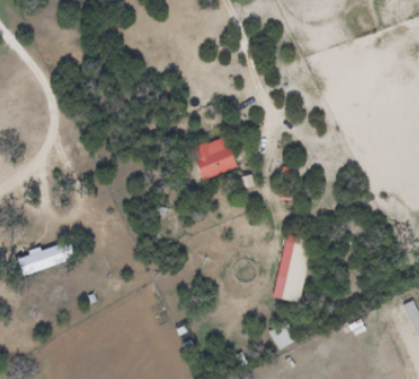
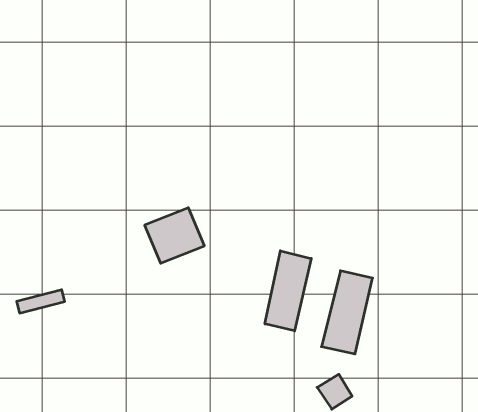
building: [188,135,237,180] -> [145,208,204,263]
building: none -> [265,251,311,331]

